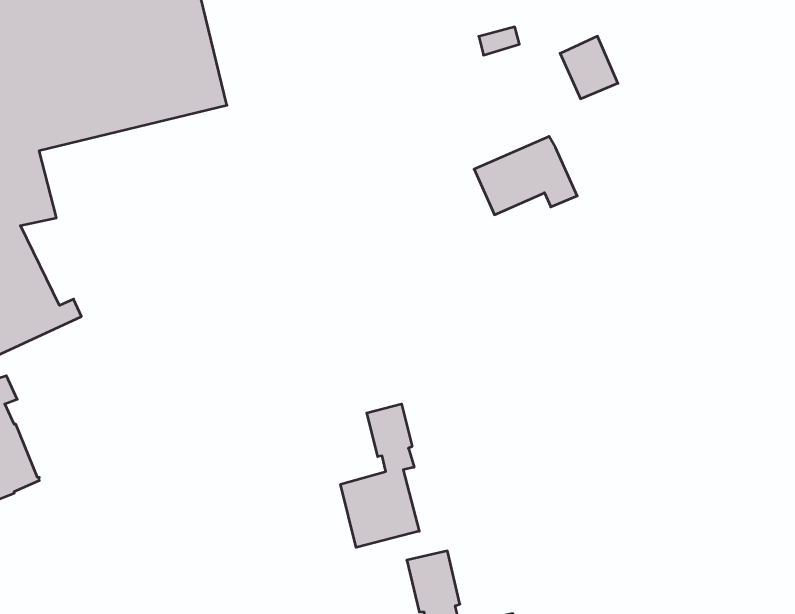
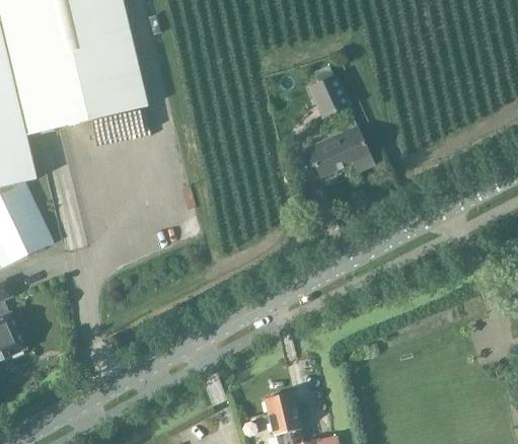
building: [560,36,618,99] -> [311,76,349,117]
building: [341,404,419,547] -> none

